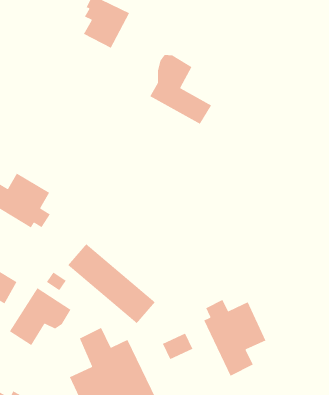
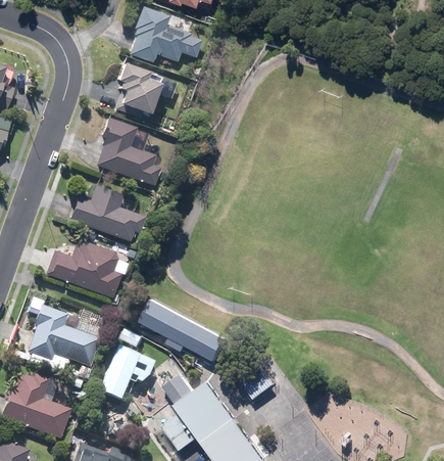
building: [149,54,212,125] -> [97,121,157,182]
building: none -> [69,185,145,239]
building: [203,299,267,377] -> none

